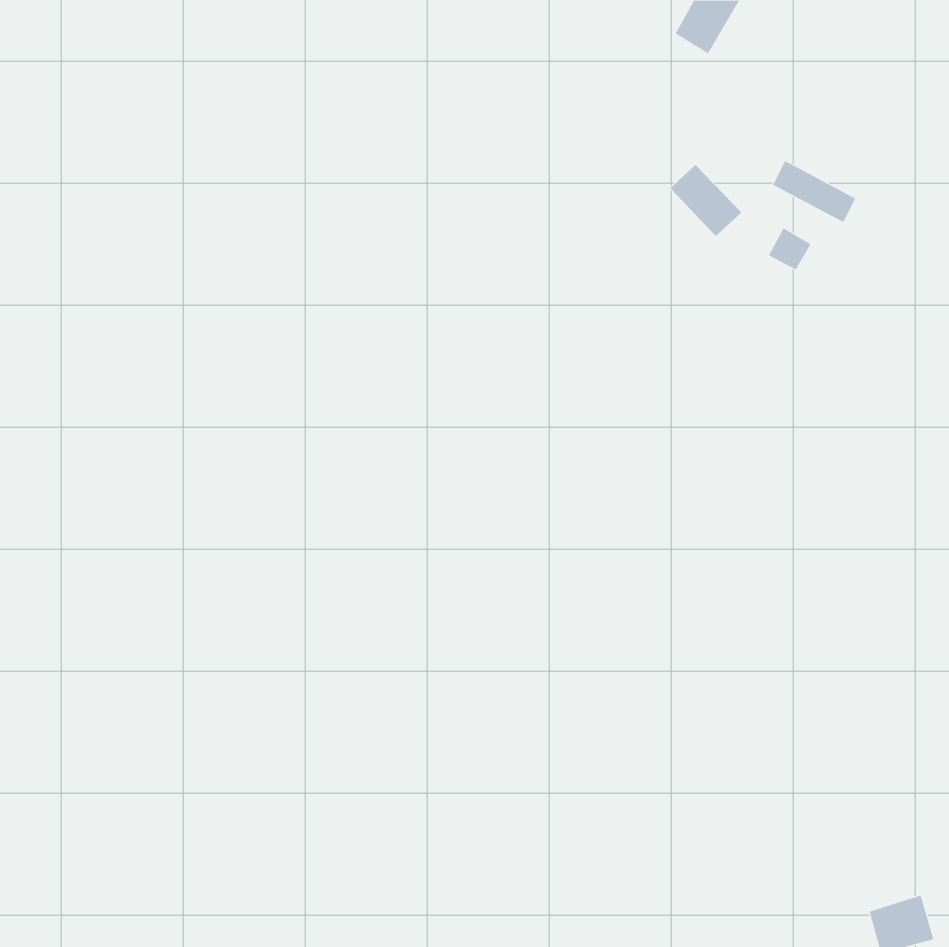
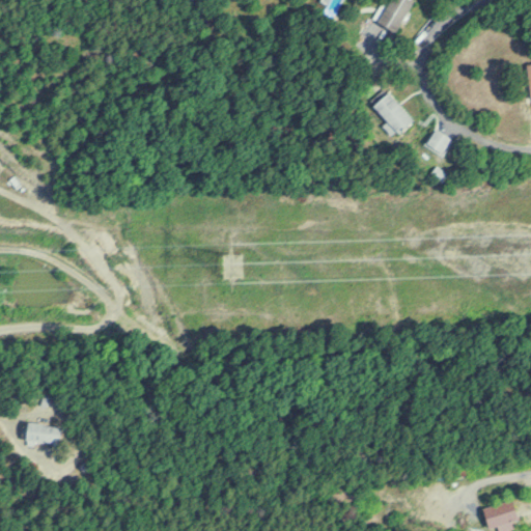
building: [773,160,856,223] -> none
building: none -> [31,425,65,444]

